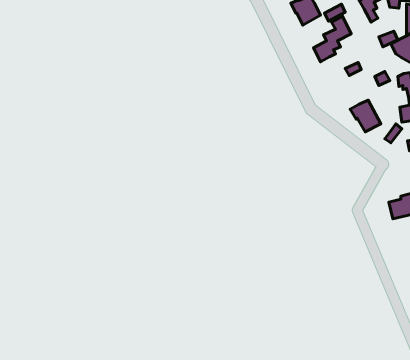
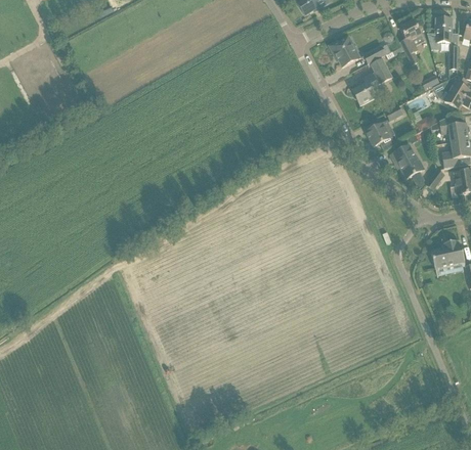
building: none -> [366,120,398,149]

